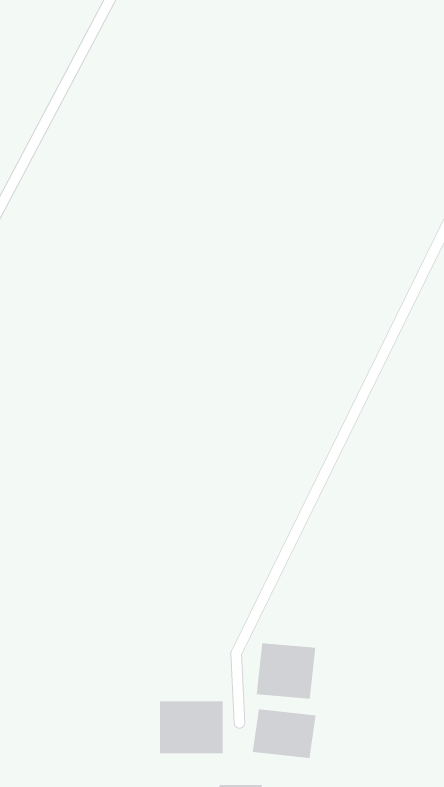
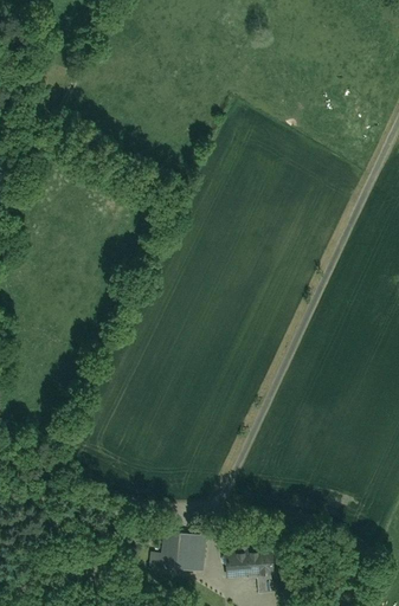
building: [256,643,316,700] -> none

